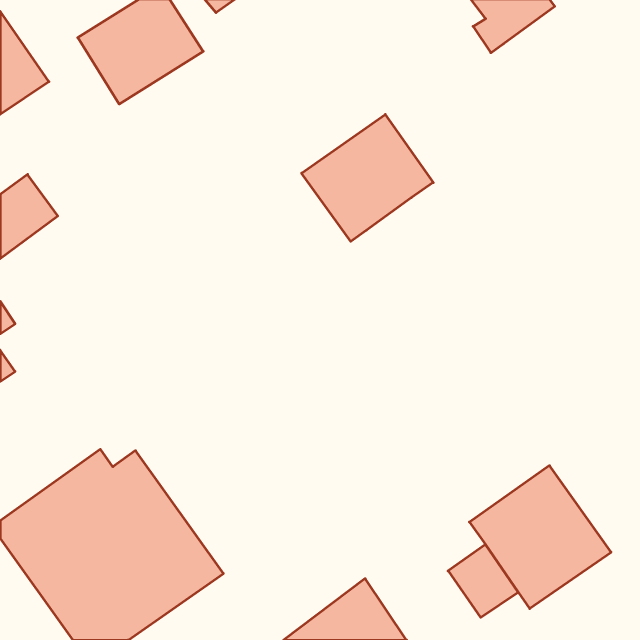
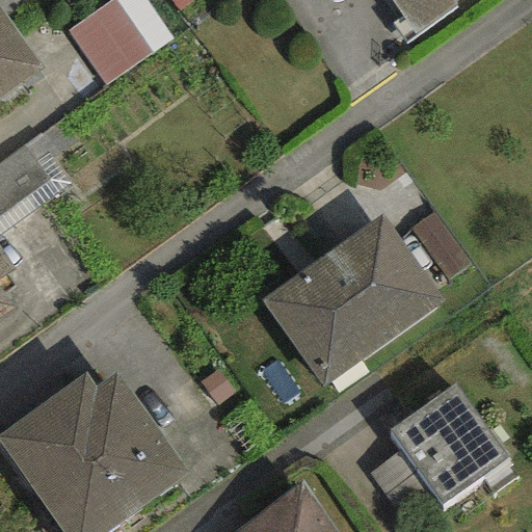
building: [302,114,433,241] -> none
building: none -> [264,215,446,388]

